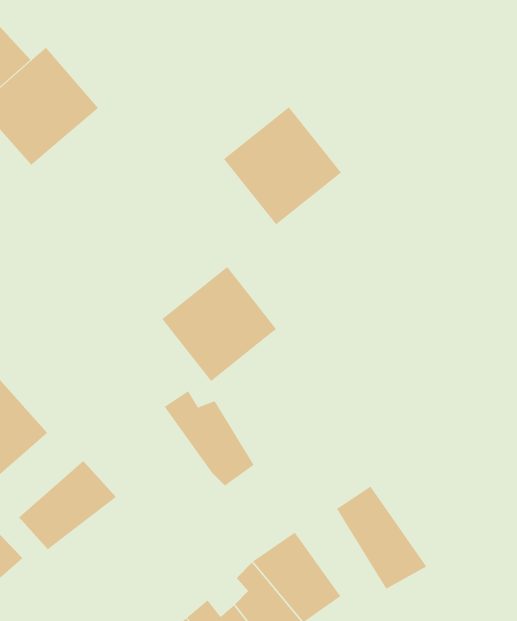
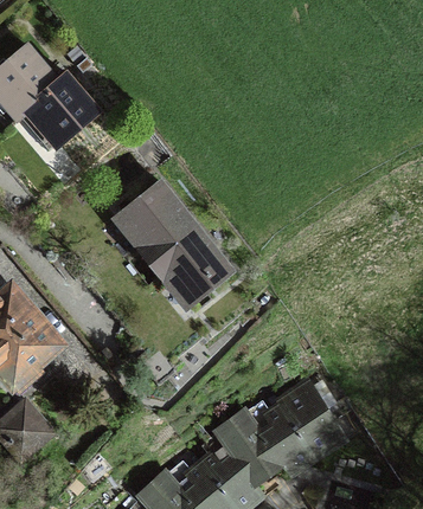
building: [223,106,342,225] -> [110,175,196,260]
building: [164,390,255,486] -> [244,401,309,470]
building: [18,460,117,550] -> none

